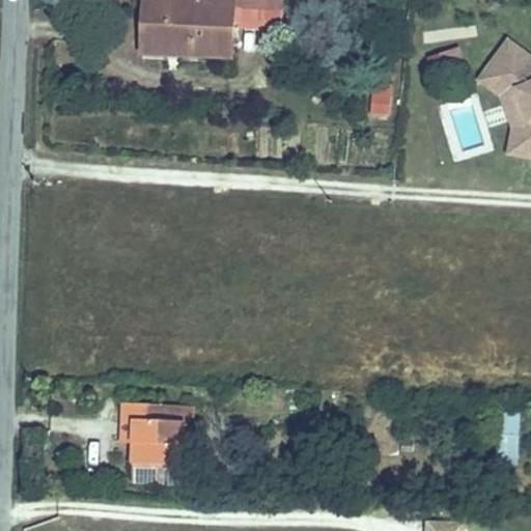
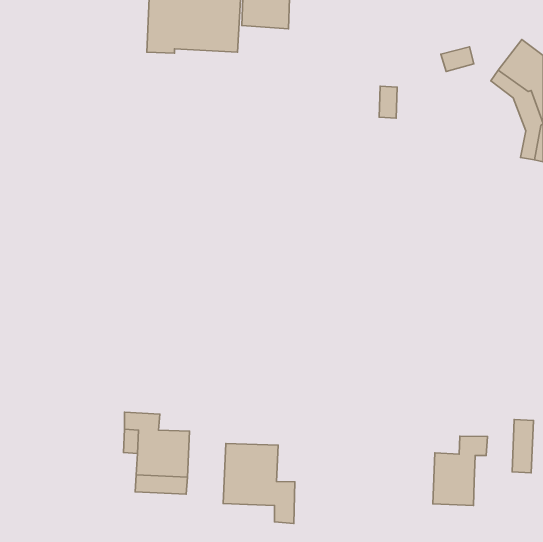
building: none -> [433,436,488,505]
building: none -> [223,443,295,523]

